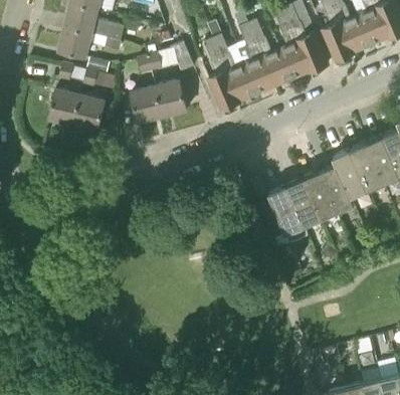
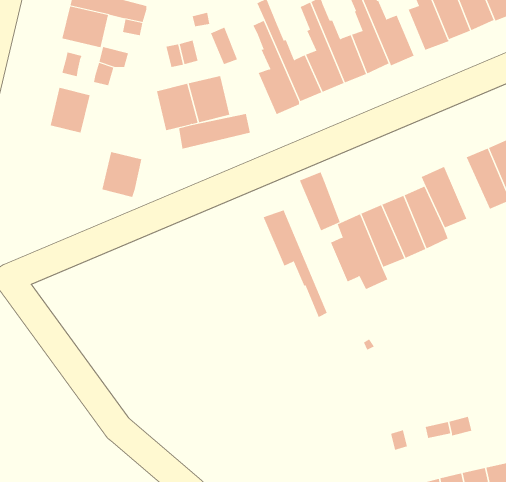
building: [73,94,105,130] -> [101,151,142,197]
building: none -> [178,113,250,149]
building: [351,142,385,189] -> none
building: none -> [299,171,340,231]
building: none -> [263,209,328,318]

